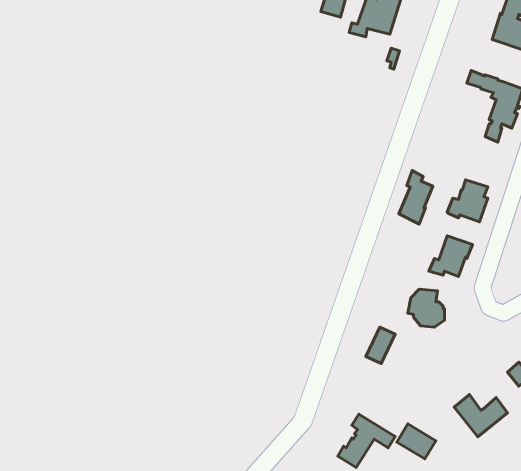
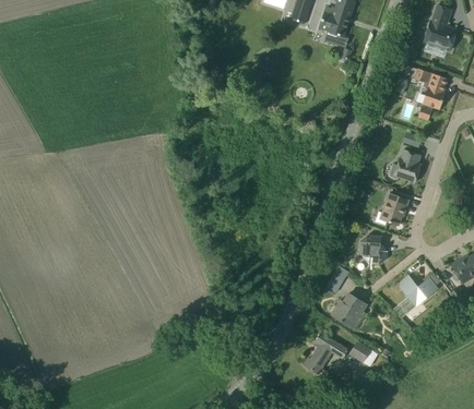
building: [399,171,433,224] -> none
building: none -> [331,292,366,334]
building: [454,395,507,437] -> [396,274,438,306]

